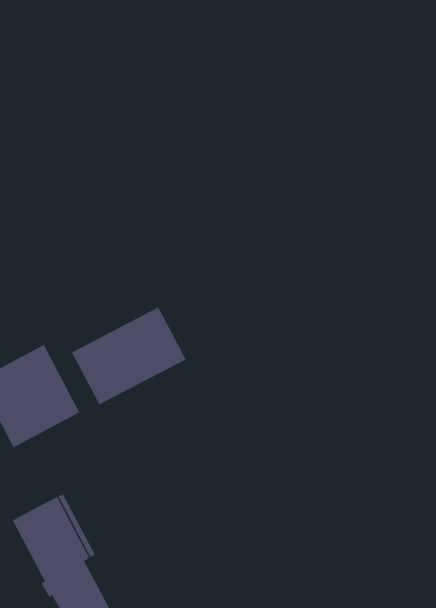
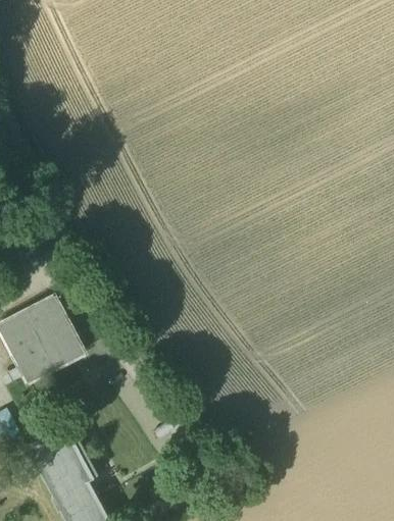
building: [71,307,186,405] -> none

